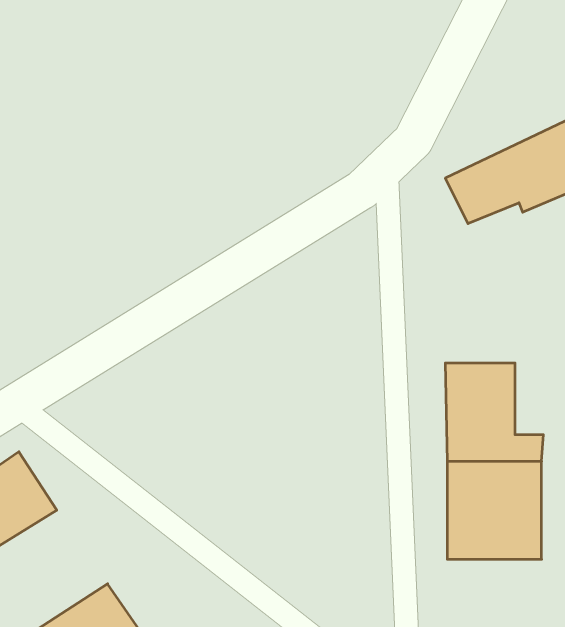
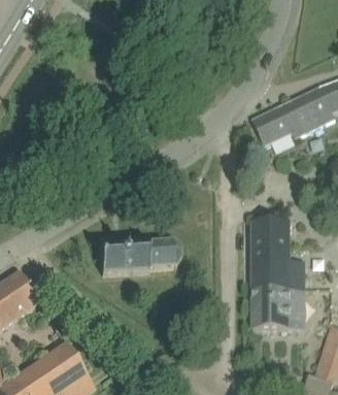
building: none -> [100,238,180,273]

